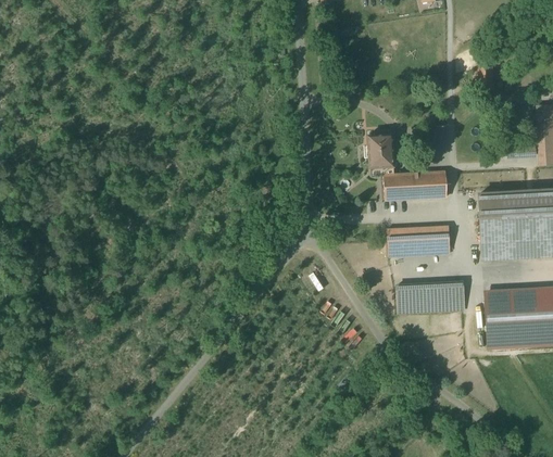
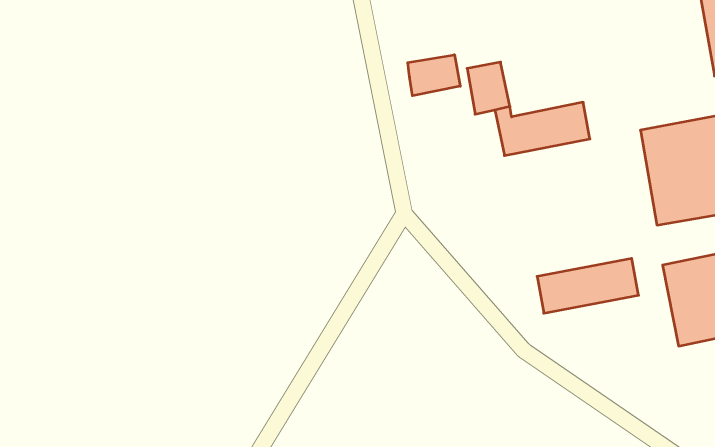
building: none -> [408,55,460,96]
building: [389,227,450,257] -> none

